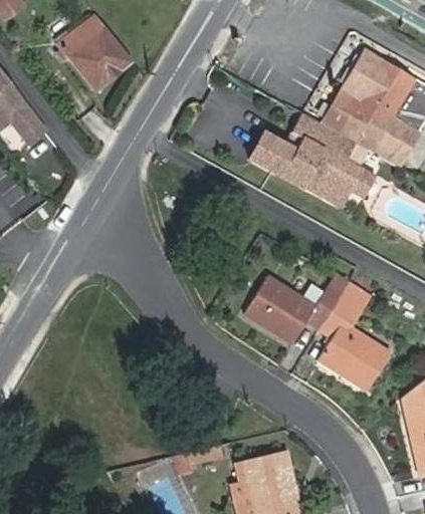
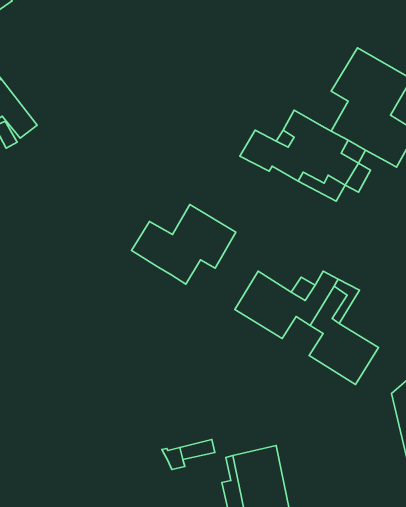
building: [60,16,129,88] -> none
building: none -> [132,205,236,284]

